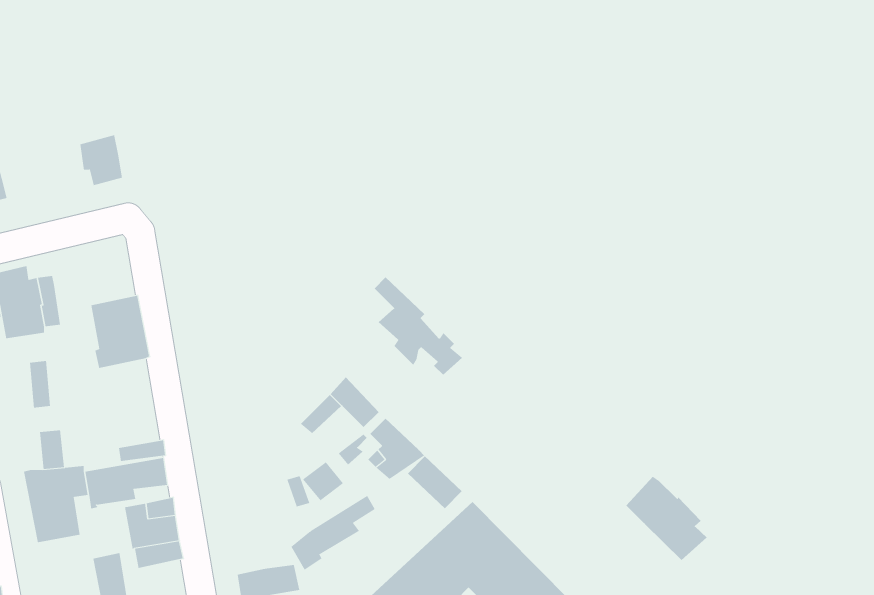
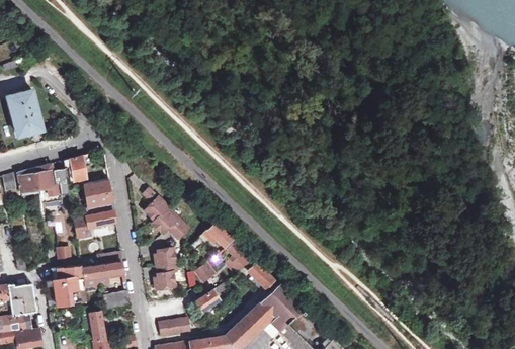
building: [79,134,123,186] -> [64,156,86,182]
building: [374,277,463,376] -> [142,187,187,238]
building: none -> [74,211,114,236]
building: none -> [154,247,177,289]
building: [626,476,708,561] -> none

